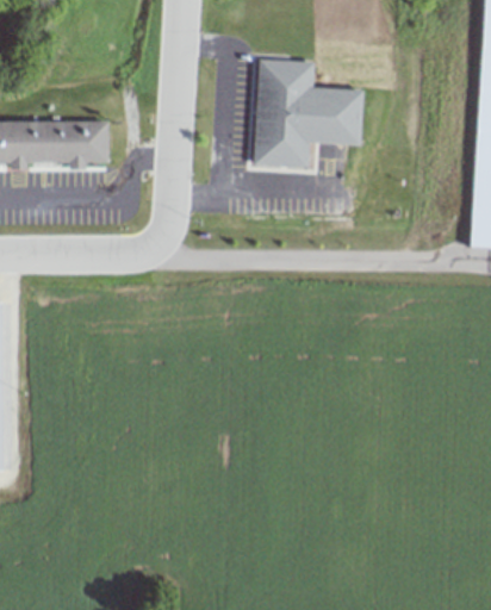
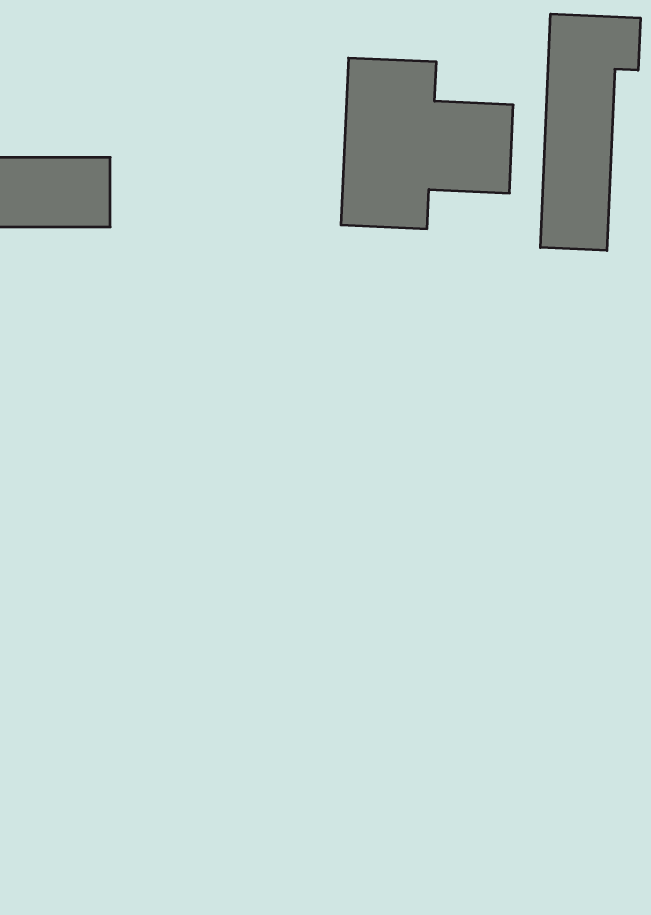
building: none -> [540,14,640,251]

